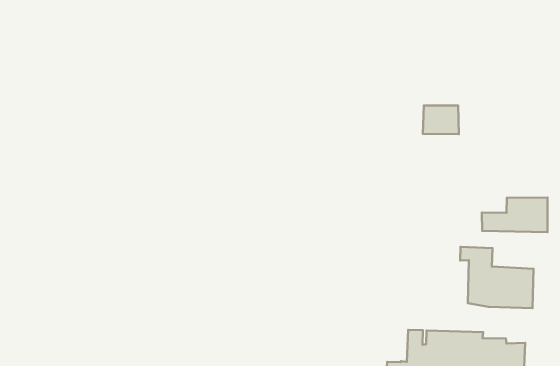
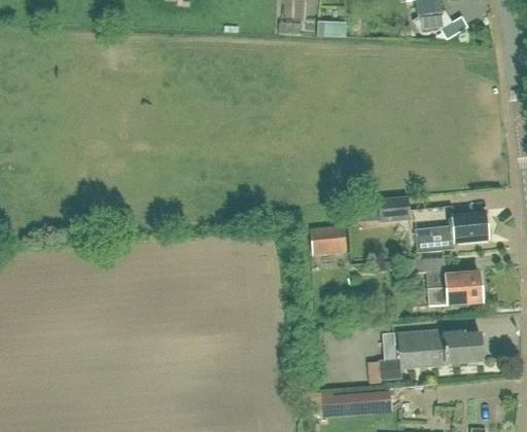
building: [423,105,459,134] -> [379,195,411,222]
building: none -> [310,224,347,254]

